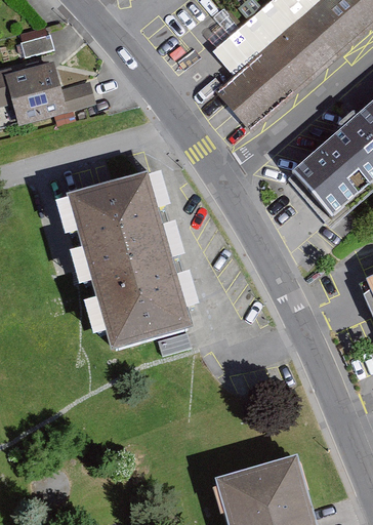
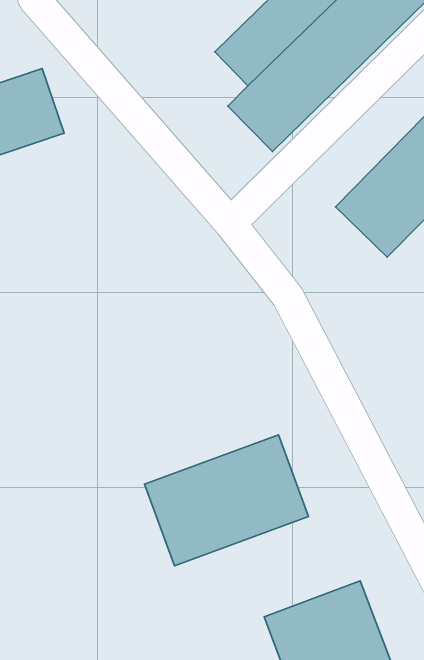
building: [70,175,189,348] -> none
building: none -> [145,435,308,566]

